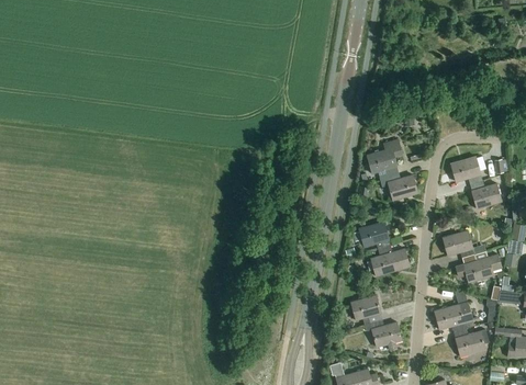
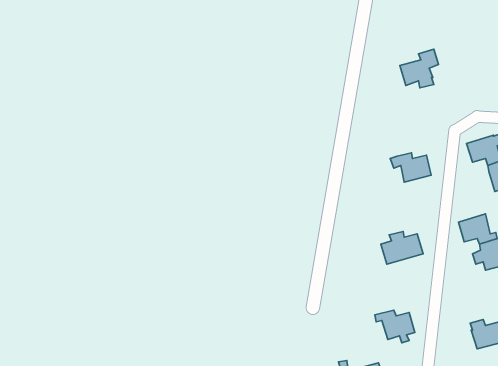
building: [367,139,403,175] -> [400,49,439,88]
building: [359,220,391,249] -> none
building: [350,294,382,324] -> none
building: [434,302,472,331] -> none

